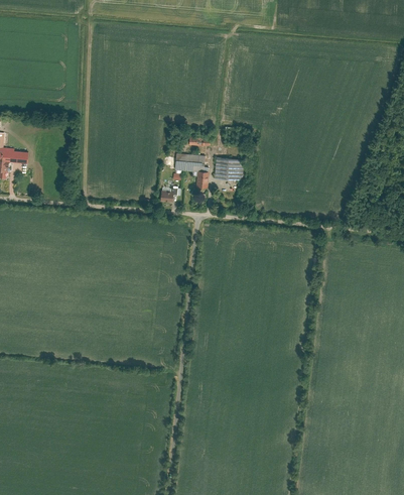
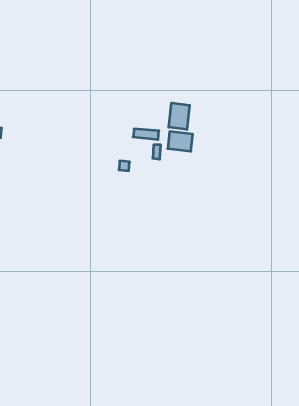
building: none -> [169,103,190,130]

